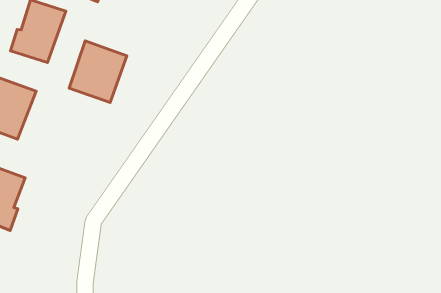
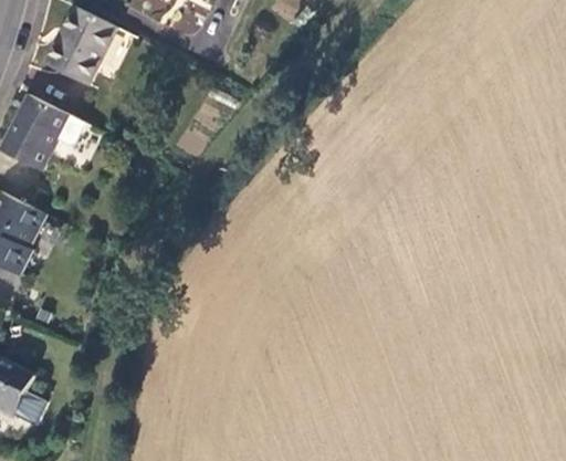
building: [69,41,127,103] -> none

